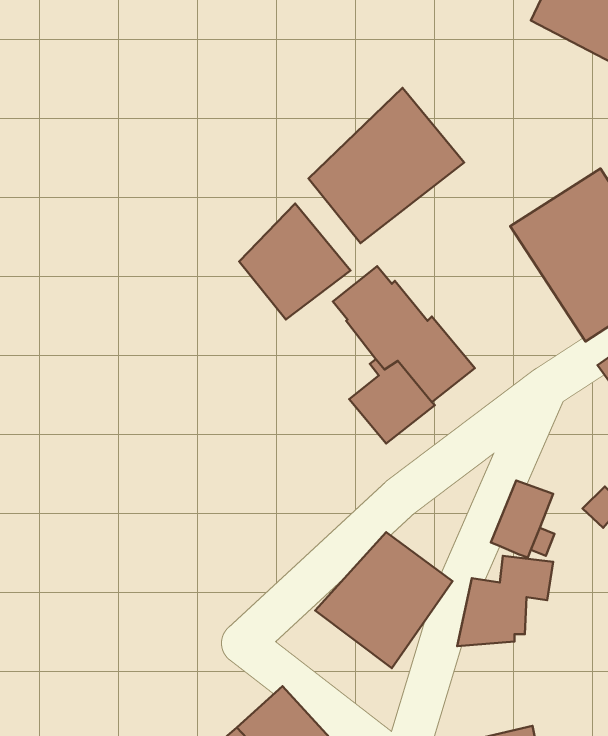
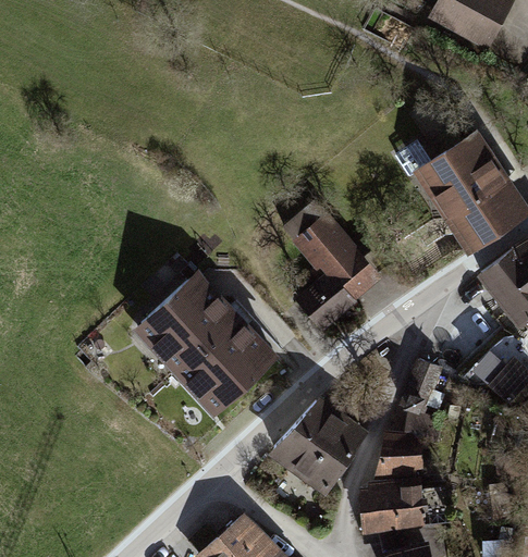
building: [309,88,464,243] -> none
building: [239,204,351,319] -> none
building: none -> [133,271,279,418]
building: none -> [359,478,425,533]

